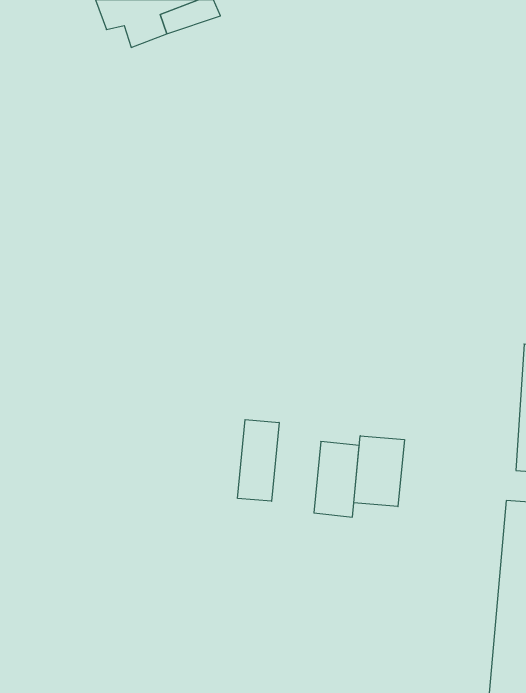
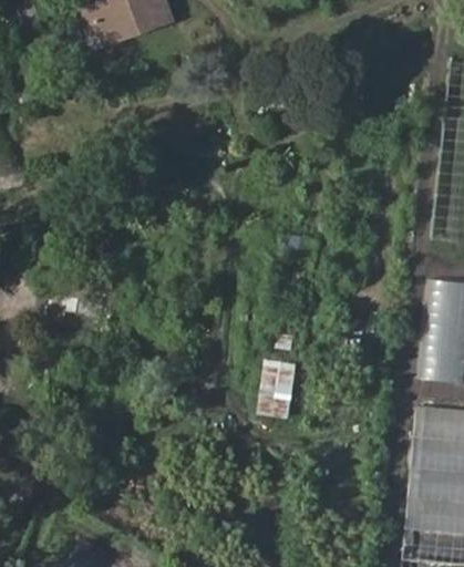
building: [238,420,279,501] -> none
building: [354,436,404,507] -> none

